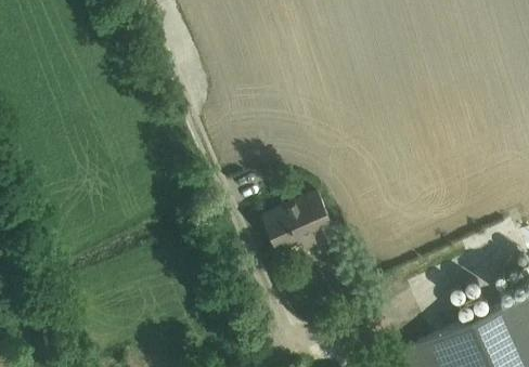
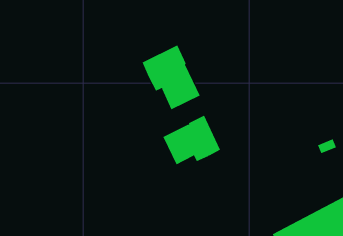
building: none -> [142,45,200,110]

